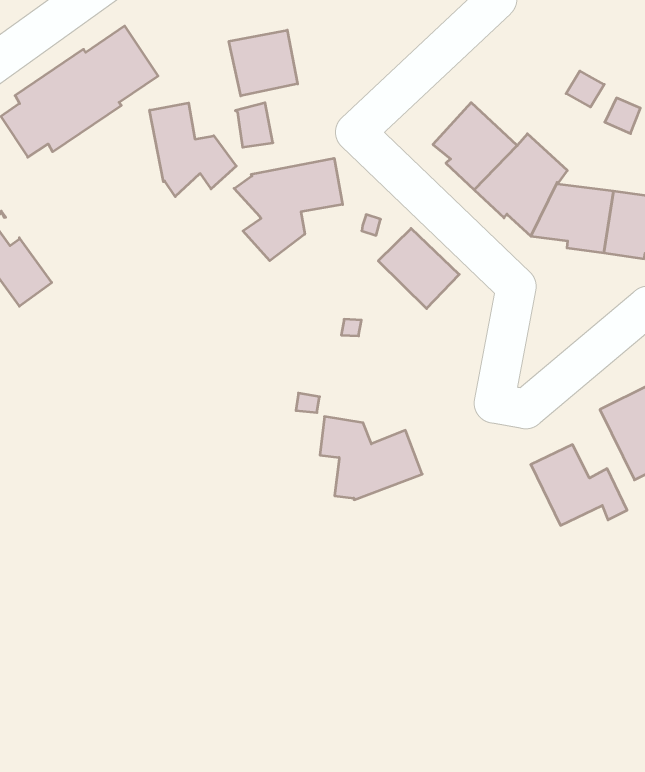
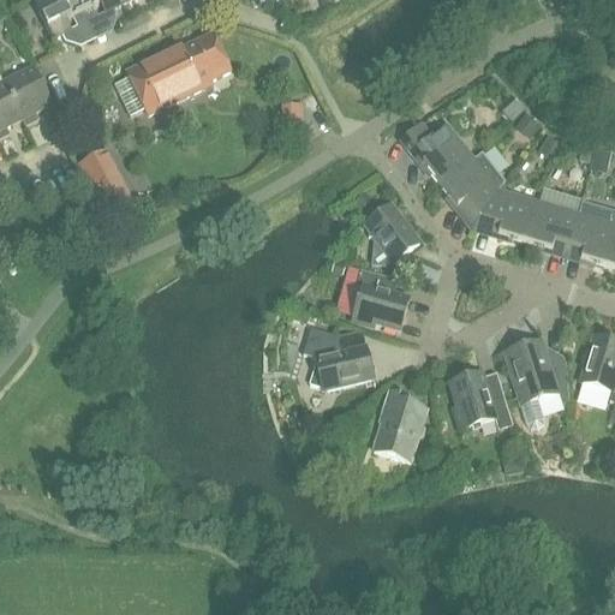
building: [229,30,298,96] -> none
building: [150,103,236,197] -> none
building: [234,158,343,261] -> none
building: none -> [353,267,407,328]
building: none -> [374,387,425,459]

